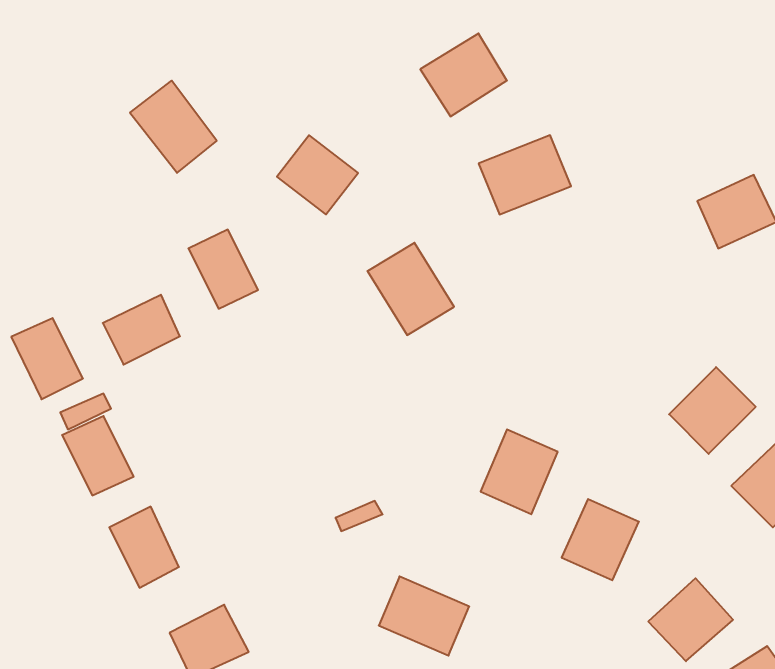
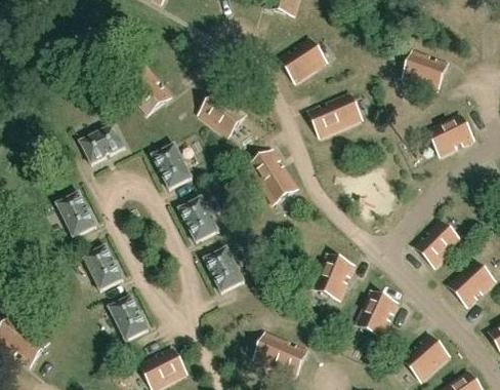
building: none -> [405,51,447,90]
building: [103,295,180,365] -> [81,125,123,163]
building: none -> [179,199,217,242]
building: none -> [204,248,242,291]

